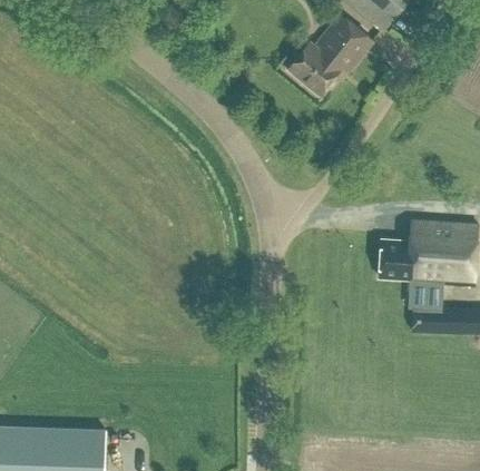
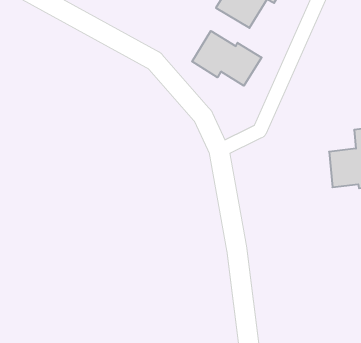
building: none -> [192,31,262,86]

